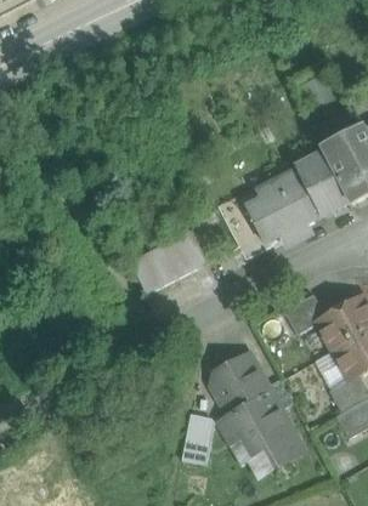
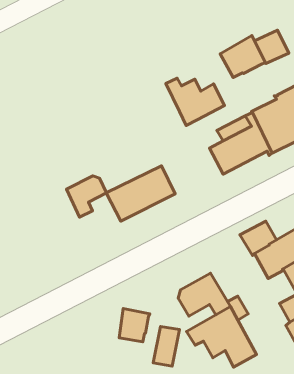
building: none -> [220,35,266,78]
building: none -> [166,78,225,125]
building: none -> [67,176,107,217]
building: none -> [119,309,150,342]

